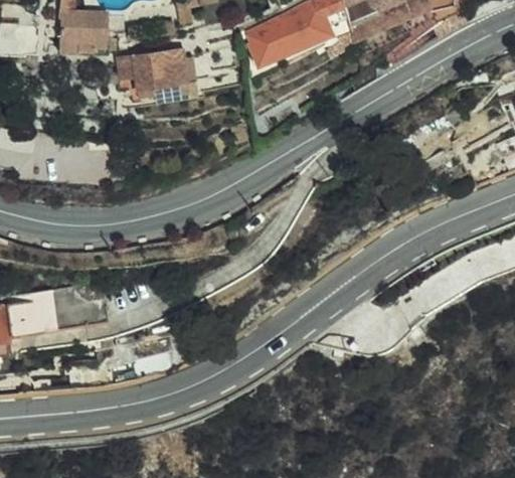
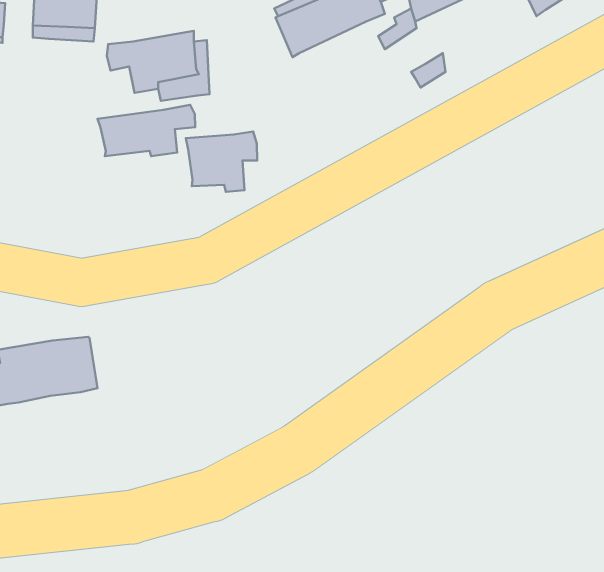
building: none -> [98,105,195,156]
building: none -> [186,131,257,192]

